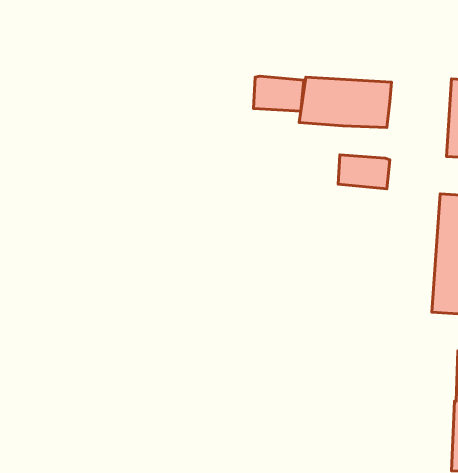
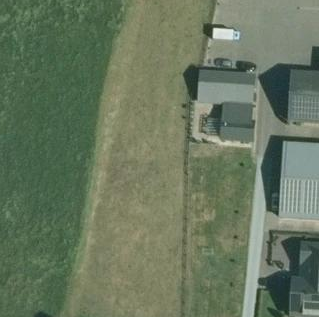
building: [254,76,304,111] -> none
building: none -> [222,100,251,120]

